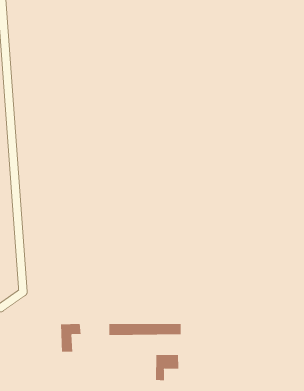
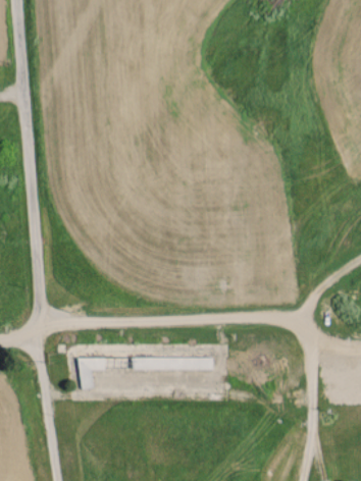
building: [156,354,179,381] -> none

